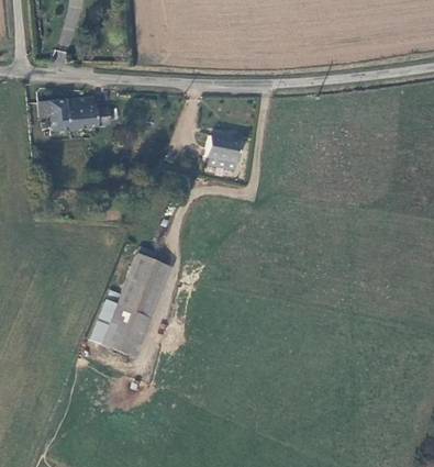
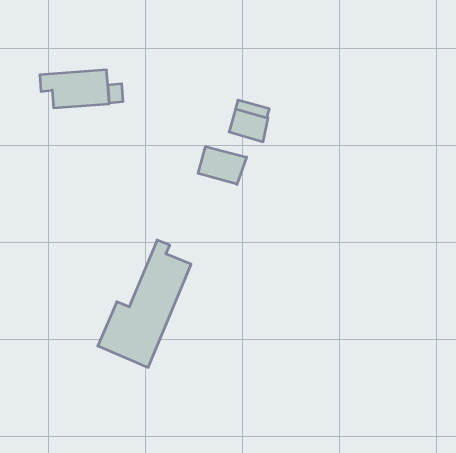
building: none -> [198,147,247,185]

